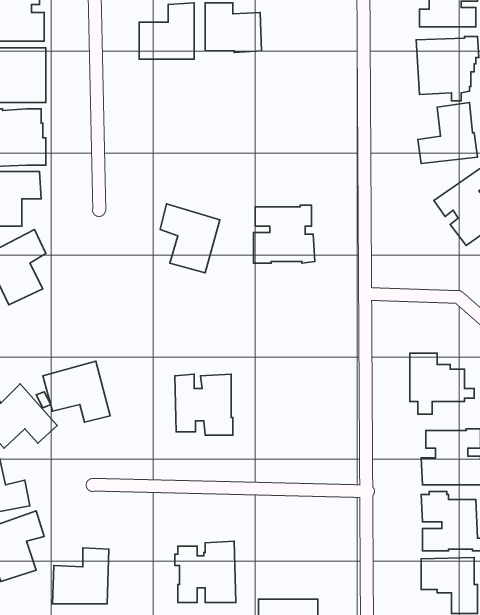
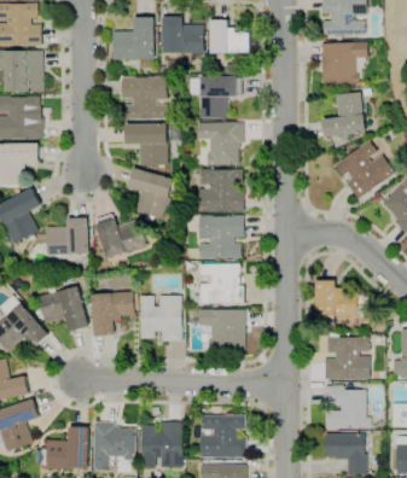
building: none -> [210,21,250,53]
building: none -> [121,77,167,119]
building: none -> [190,77,240,118]
building: none -> [197,123,244,165]
building: none -> [124,124,167,168]
building: none -> [94,215,146,260]
building: none -> [198,216,244,258]
building: none -> [46,218,88,256]
building: none -> [199,264,244,304]
building: none -> [93,292,136,337]
building: none -> [198,310,245,352]
building: none -> [200,415,248,457]
building: none -> [93,421,136,468]

